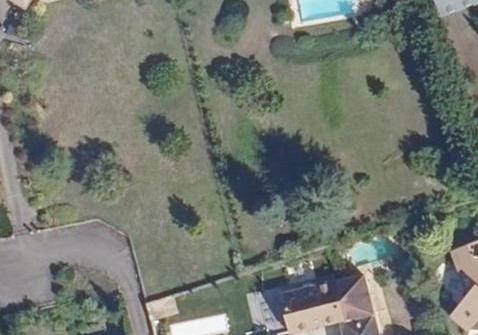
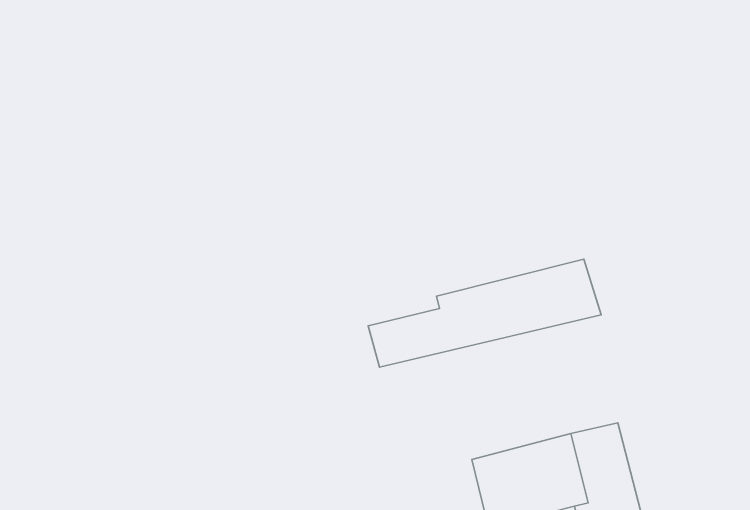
building: none -> [368,259,601,367]

